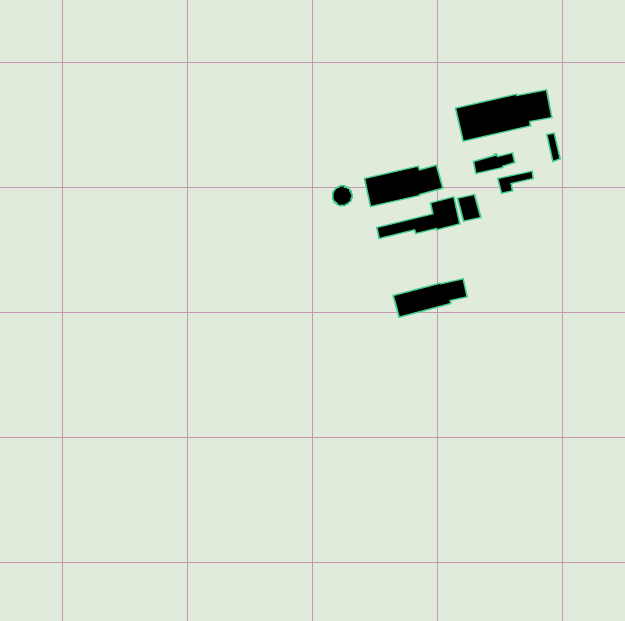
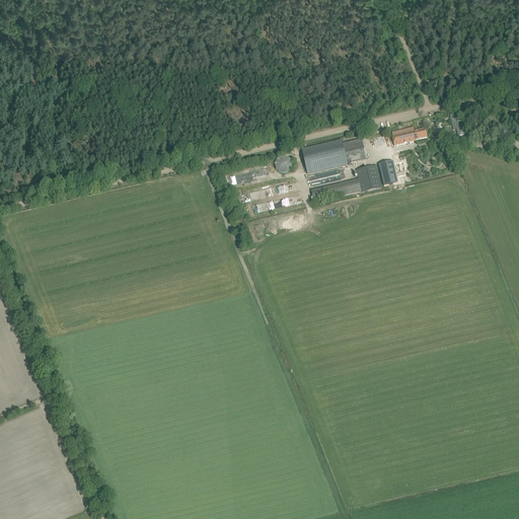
building: [455,90,552,141] -> none
building: [393,279,467,317] -> none

